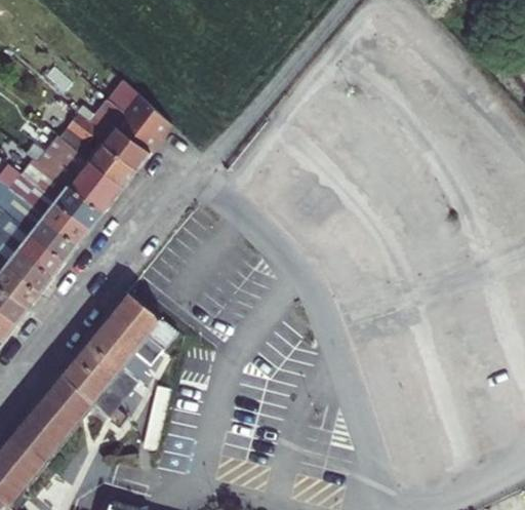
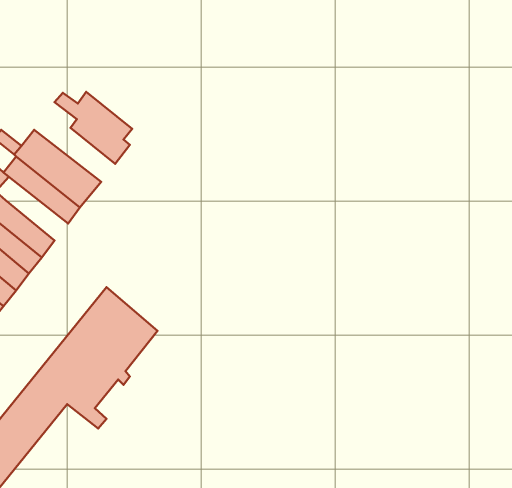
building: [107,85,165,140] -> none
building: [56,114,134,191] -> none
building: [29,193,89,247] -> none

